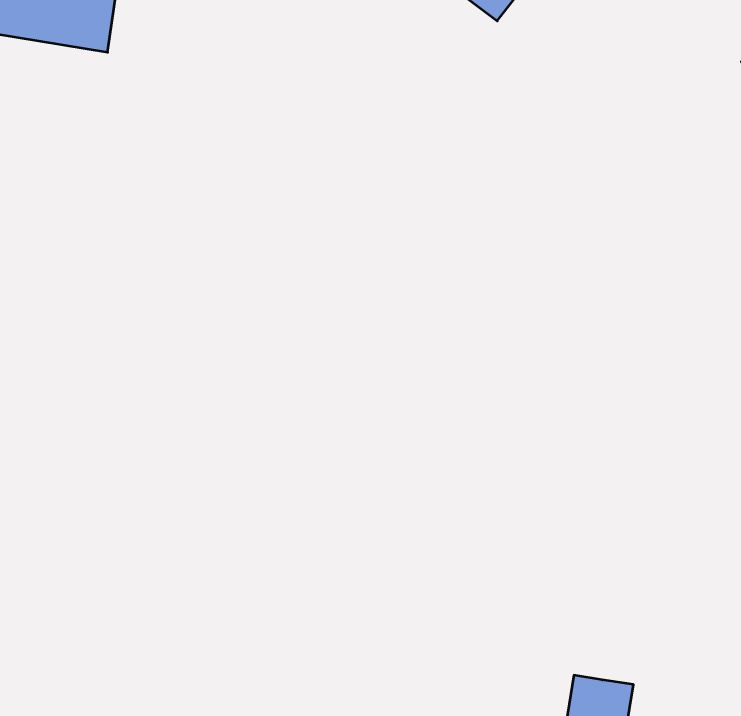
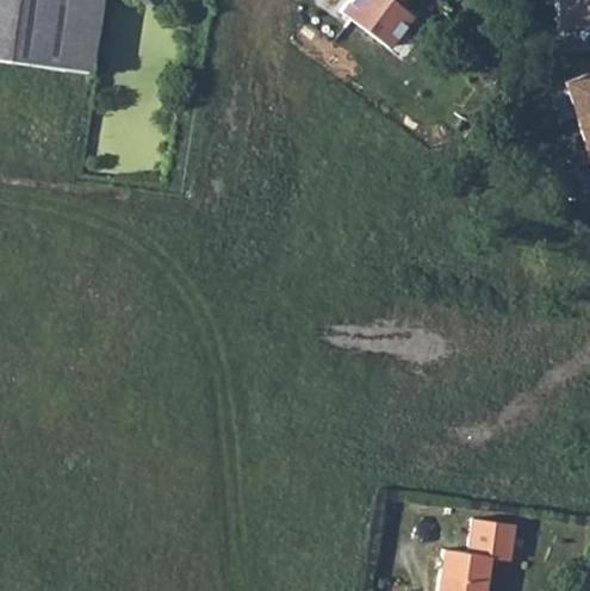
building: none -> [468,517,517,556]

